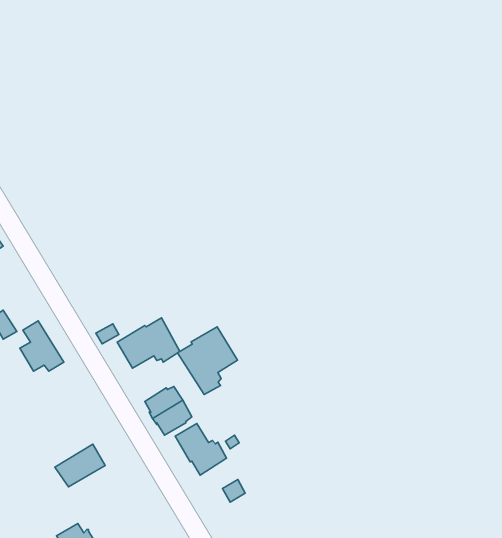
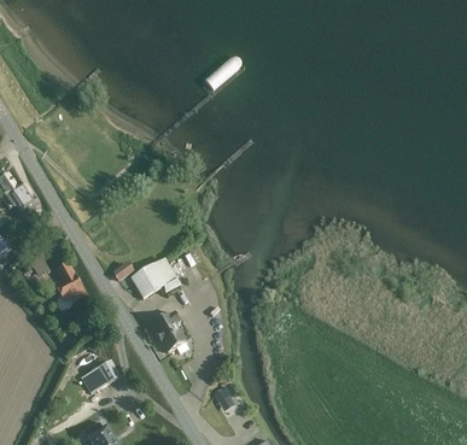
building: [178,327,237,394] -> none
building: [175,423,227,475] -> none

